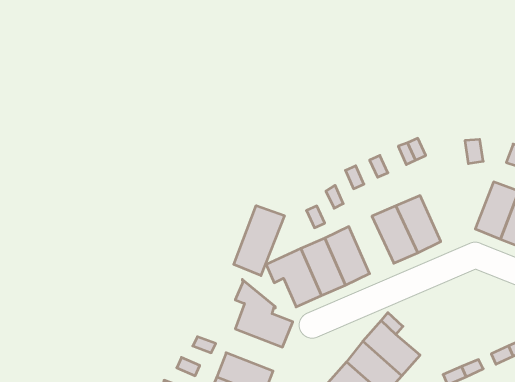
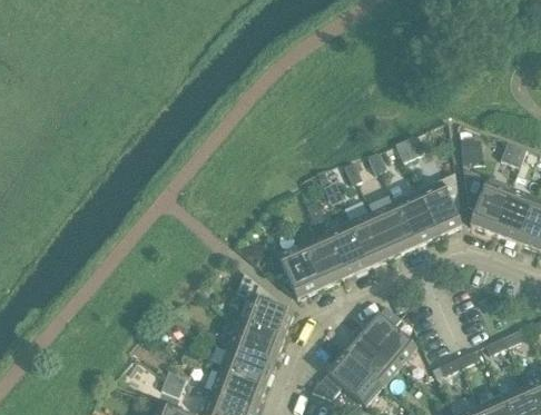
building: none -> [416,180,461,236]
building: [234,206,284,276] -> none
building: none -> [347,211,391,267]
building: none -> [228,320,283,362]

